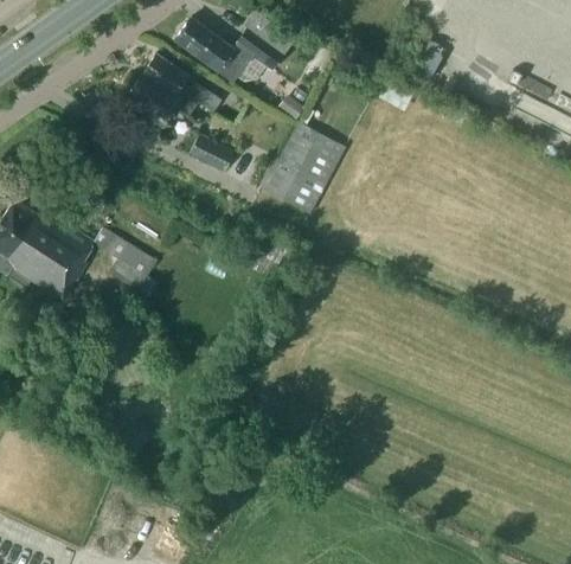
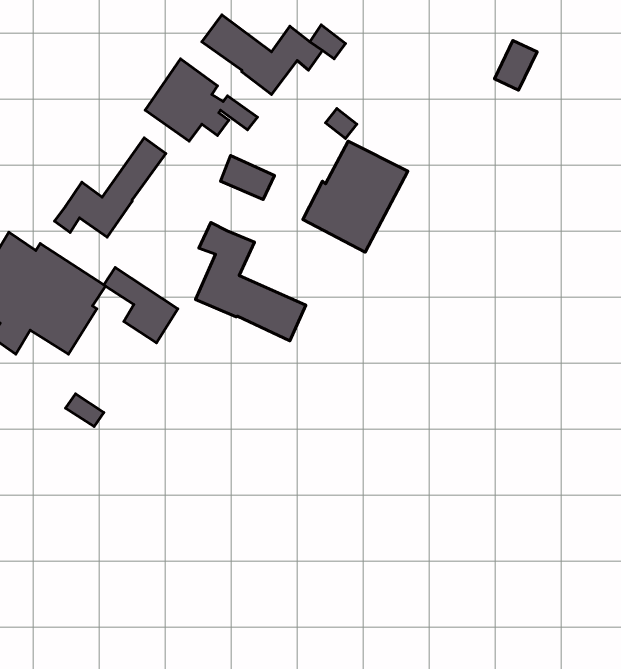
building: none -> [54,138,166,237]
building: none -> [196,223,306,341]

